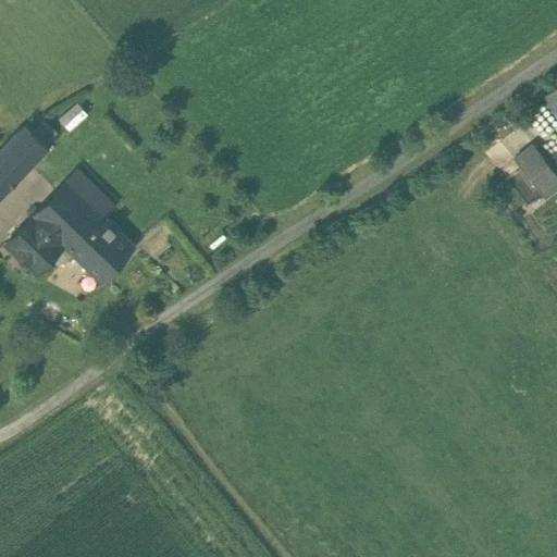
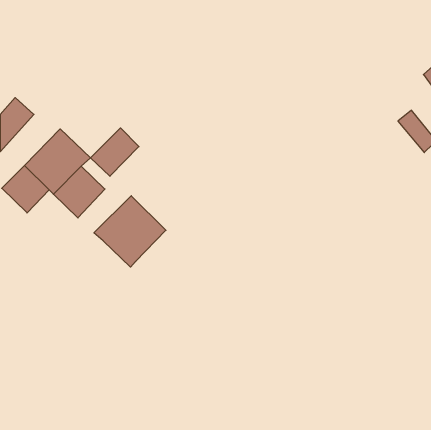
building: none -> [91,128,139,176]
building: none -> [94,196,166,267]

